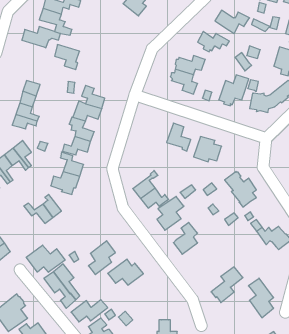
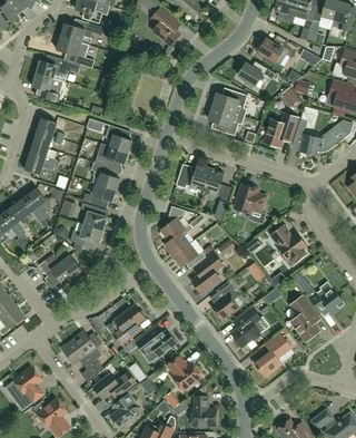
building: [55,45,80,70] -> [32,72,61,101]
building: none -> [176,164,210,191]
building: none -> [159,206,185,241]
building: none -> [230,308,260,347]
building: [26,245,65,272] -> none
building: [248,278,274,318] -> [289,295,318,341]
building: none -> [167,356,201,390]

